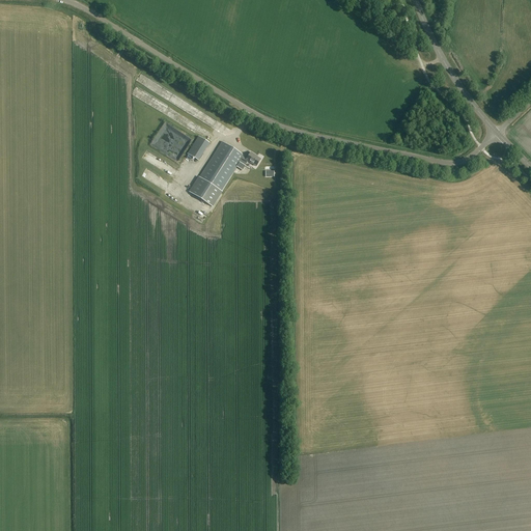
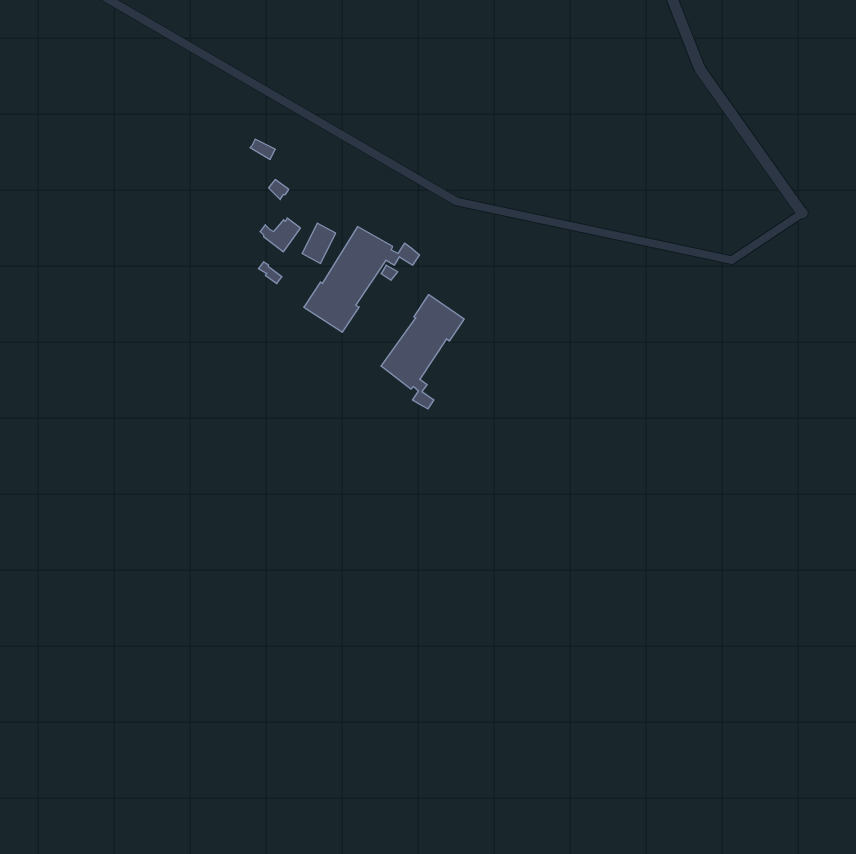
building: none -> [381,295,464,409]

